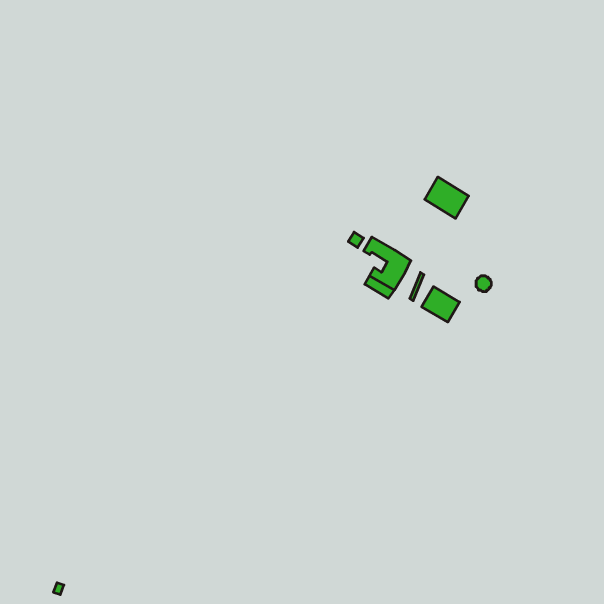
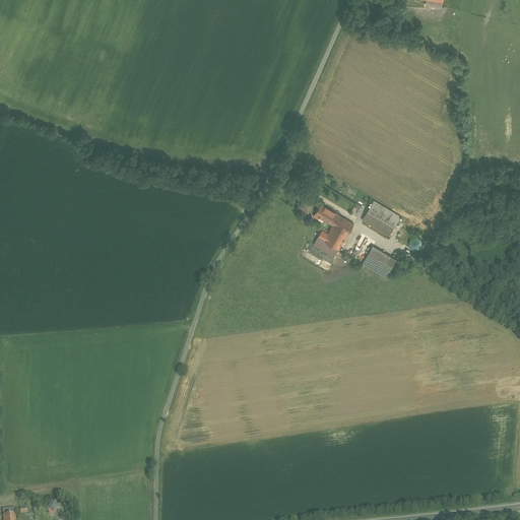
building: [425,177,469,218] -> [362,201,399,237]

